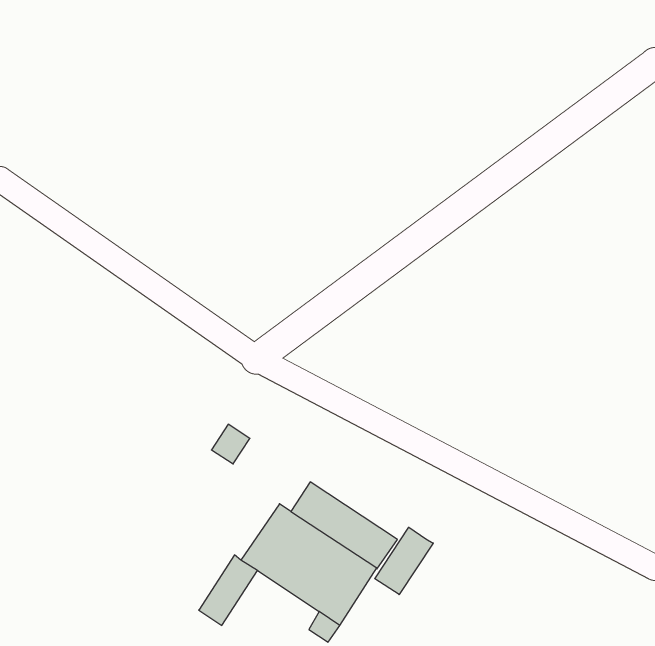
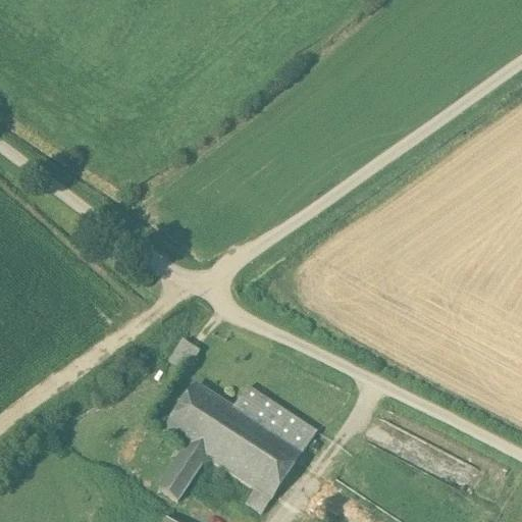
building: none -> [164,382,222,446]
building: [375,527,433,595] -> none

